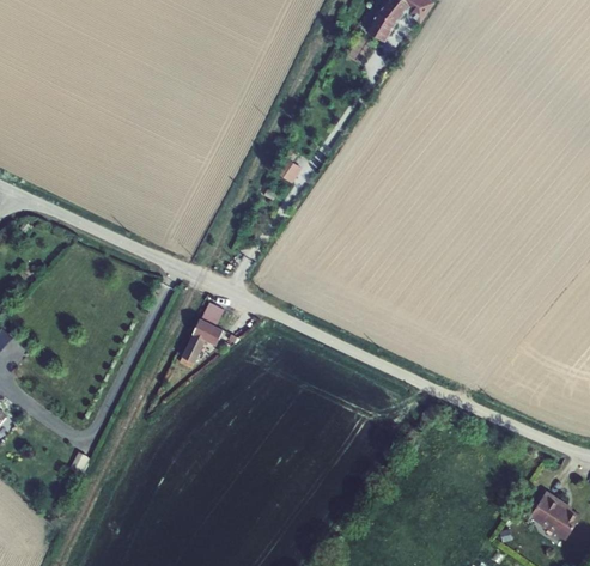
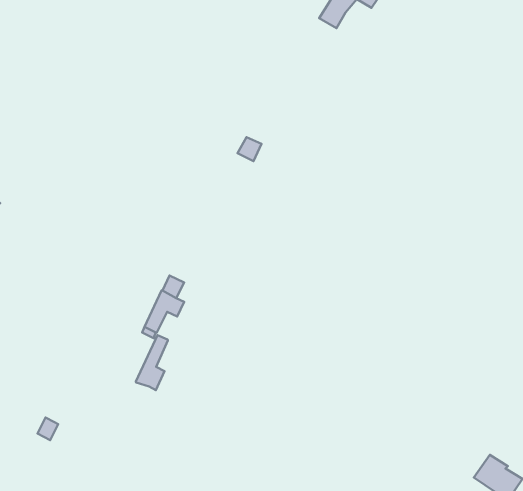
building: none -> [136,335,168,390]

